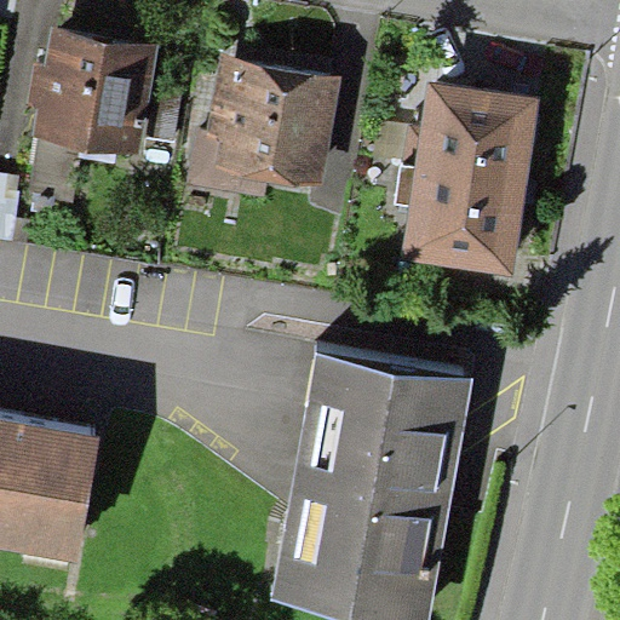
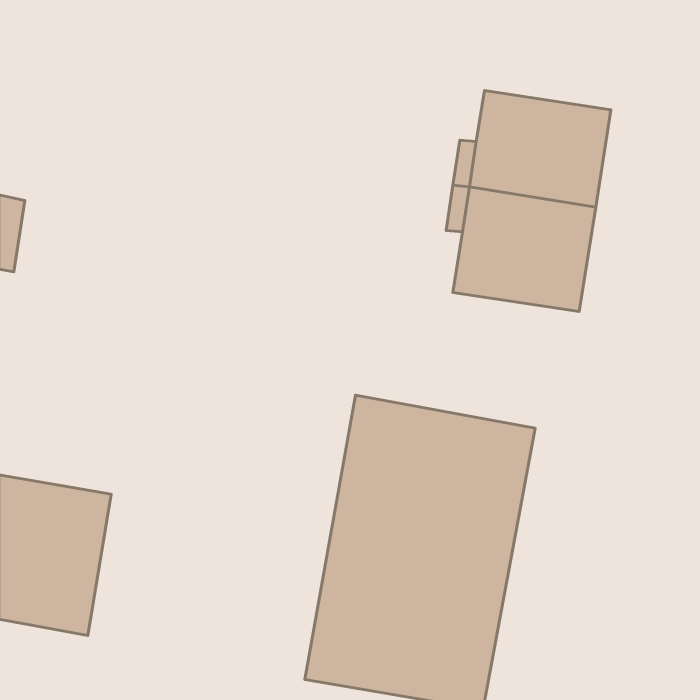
building: [28,28,157,155] -> none
building: [186,58,340,199] -> none

